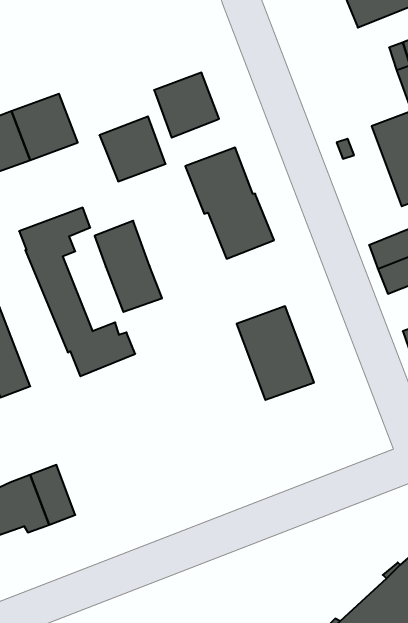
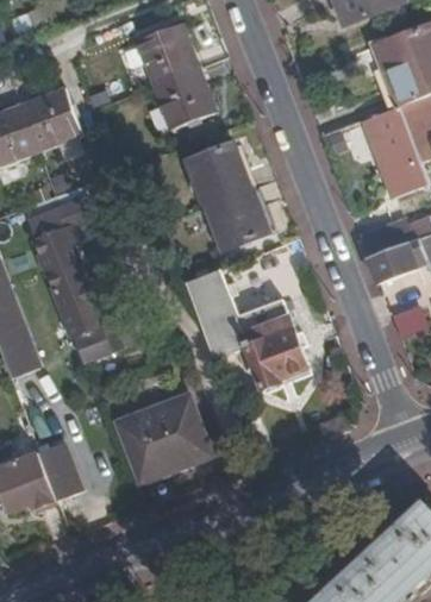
building: [99,116,166,181] -> [137,25,200,87]
building: [95,221,162,312] -> [181,266,245,353]
building: none -> [121,397,210,474]

